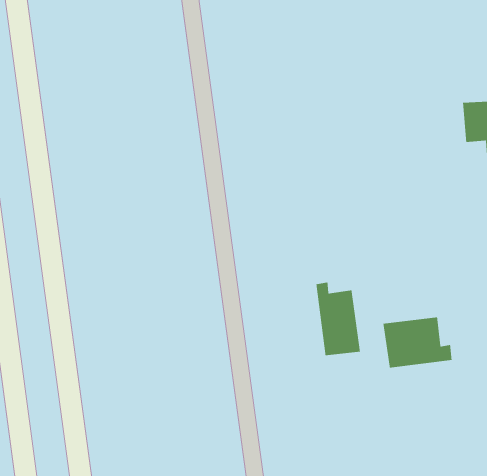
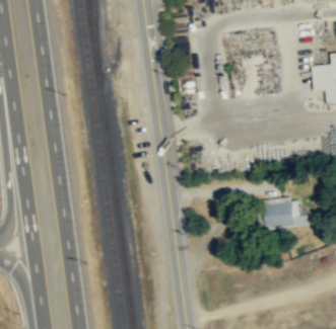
building: [316,282,361,356] -> none

